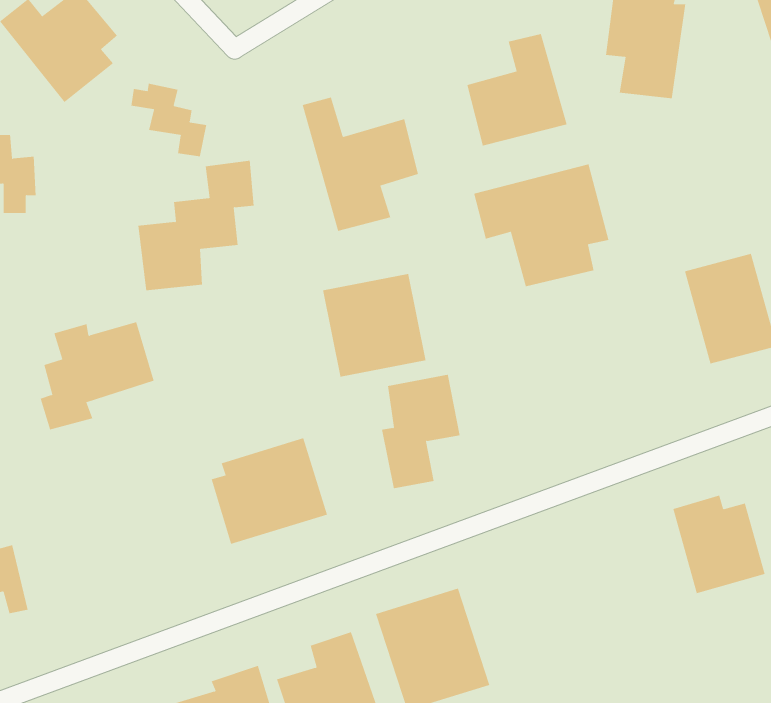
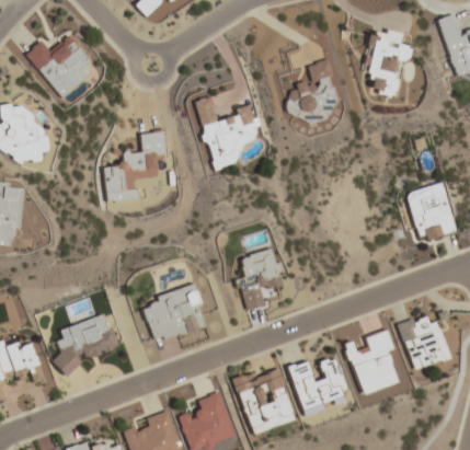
building: [131,83,207,157] -> none
building: [474,163,609,287] -> none
building: [322,273,426,378] -> none
building: [40,321,155,430] -> [55,314,118,374]
building: none -> [344,330,401,394]
building: none -> [288,356,349,413]

